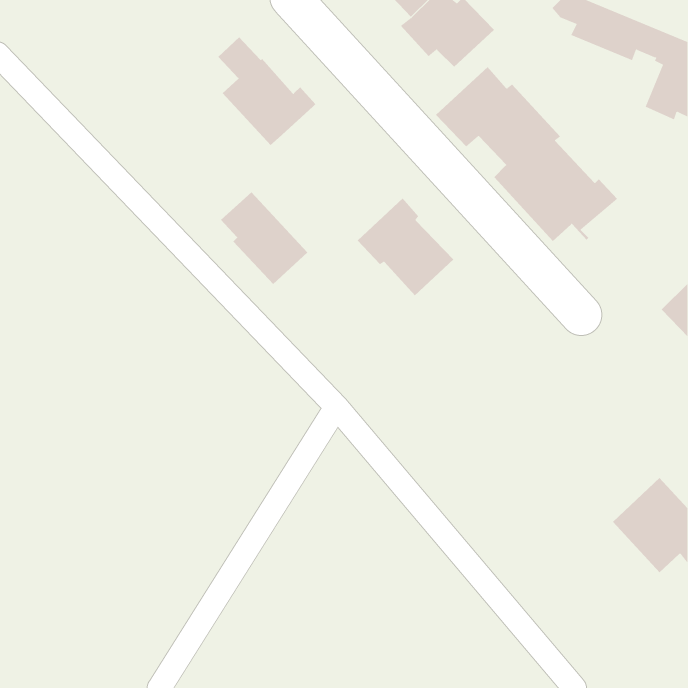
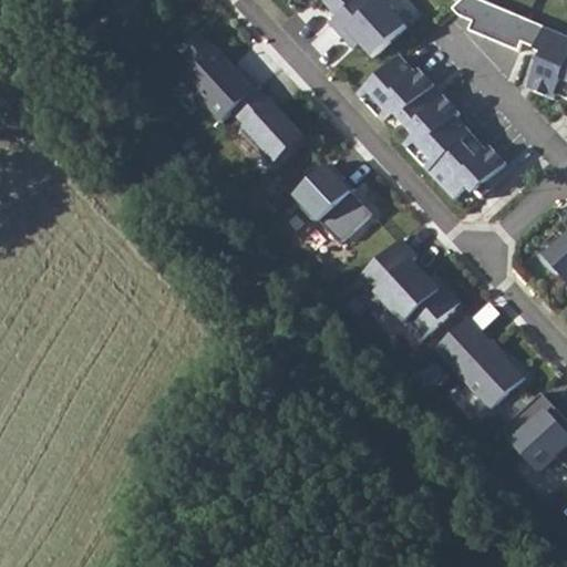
building: [220,192,308,285] -> [231,87,303,164]
building: none -> [355,238,460,338]
building: none -> [434,317,524,409]

